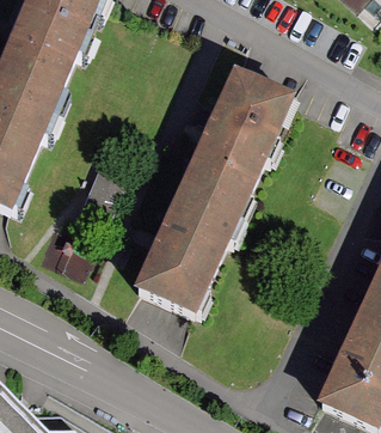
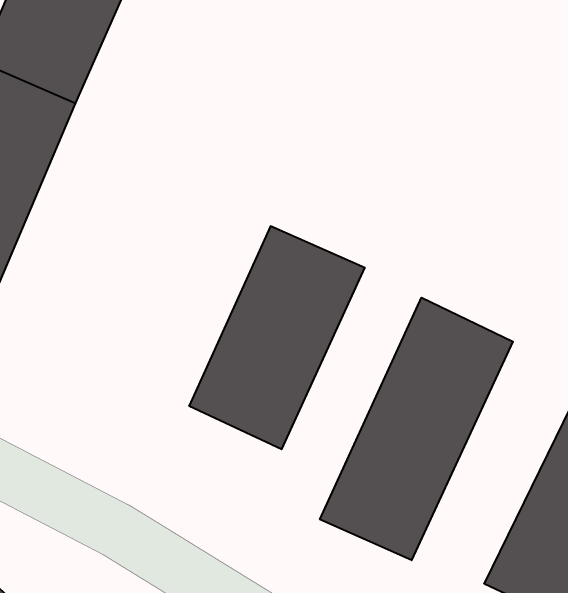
building: [182,57,294,201] -> none
building: none -> [320,298,513,560]

